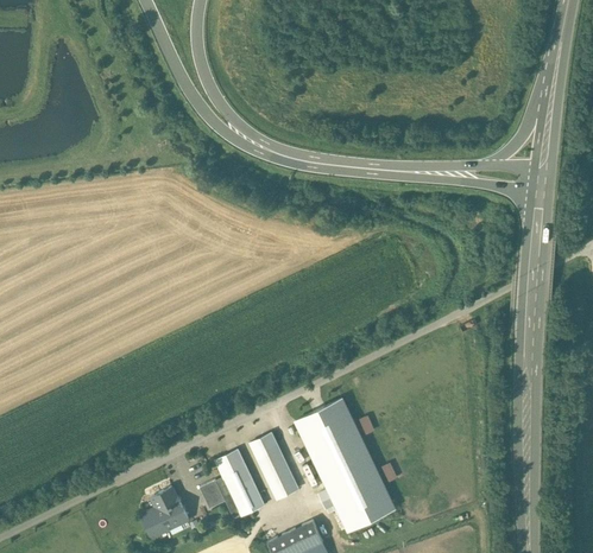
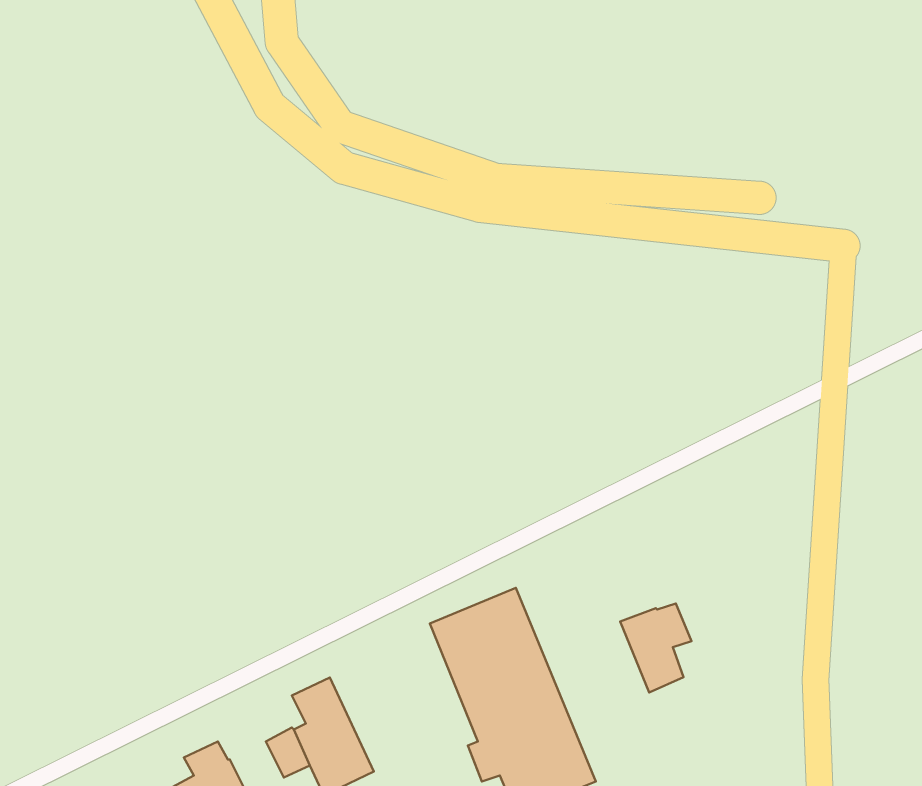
building: none -> [620,604,691,692]
building: [250,434,297,500] -> none

